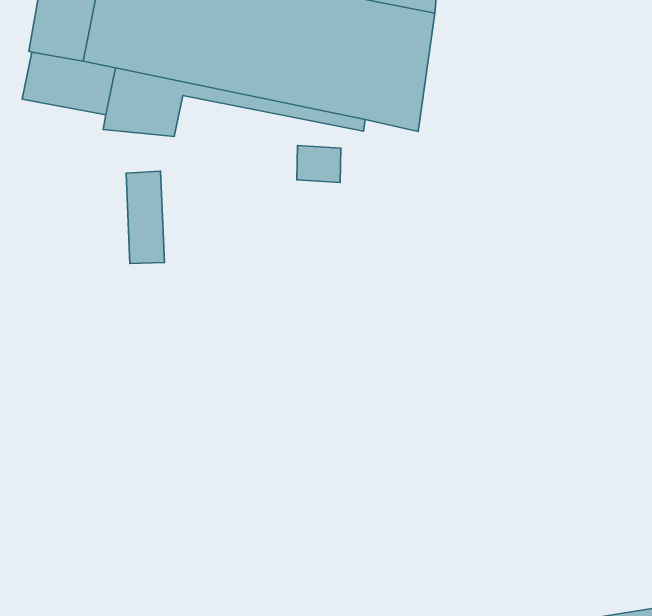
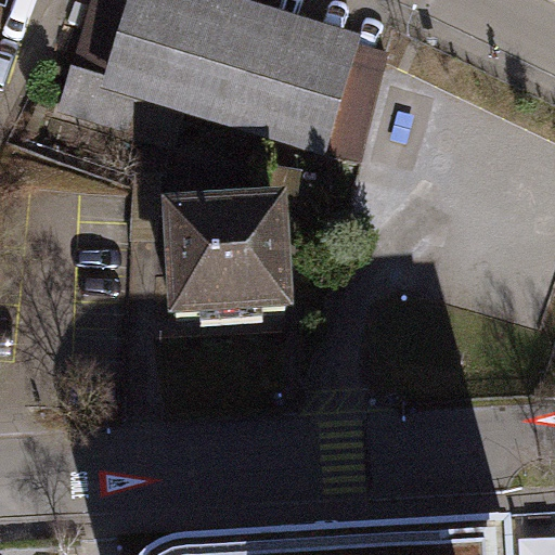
building: none -> [172,201,287,310]

